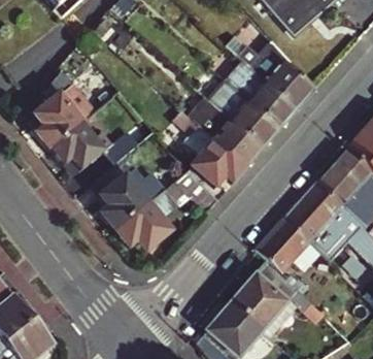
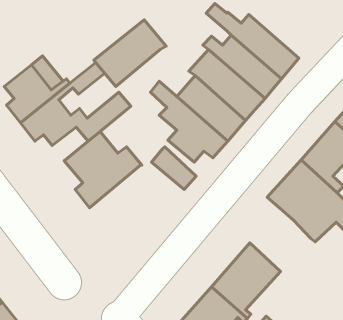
building: none -> [94,20,166,87]
building: [115,189,176,250] -> none
building: [257,219,308,270] -> none

